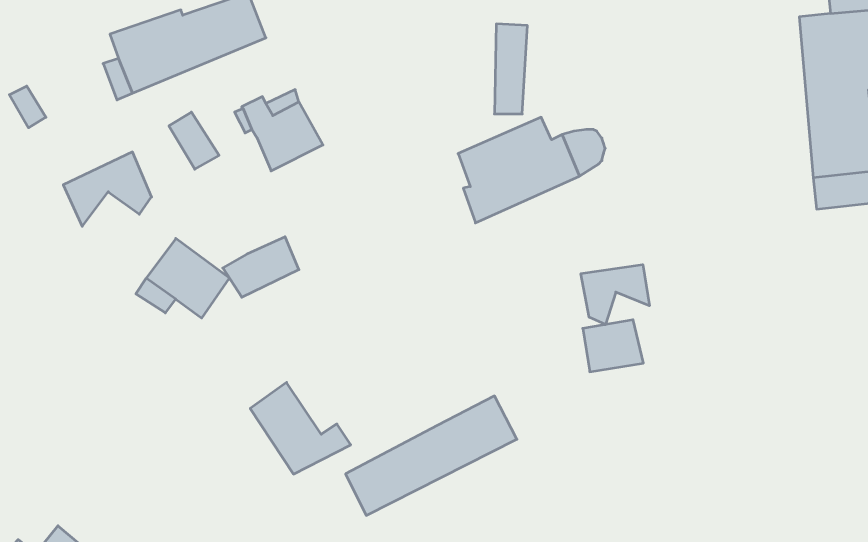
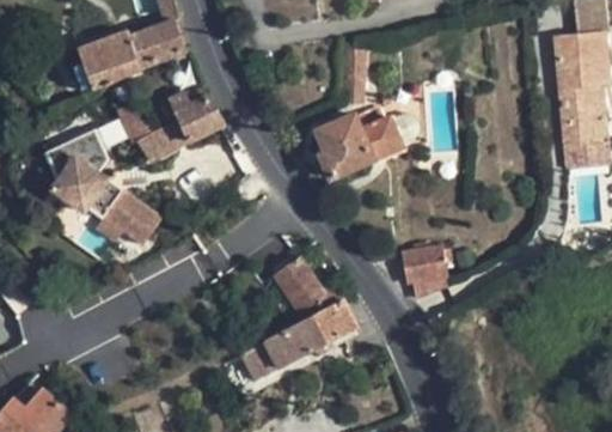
building: none -> [54,157,108,211]
building: [223,237,299,297] -> [136,120,189,162]
building: [581,265,649,325] -> none
building: [250,382,351,474] -> [274,255,343,318]

